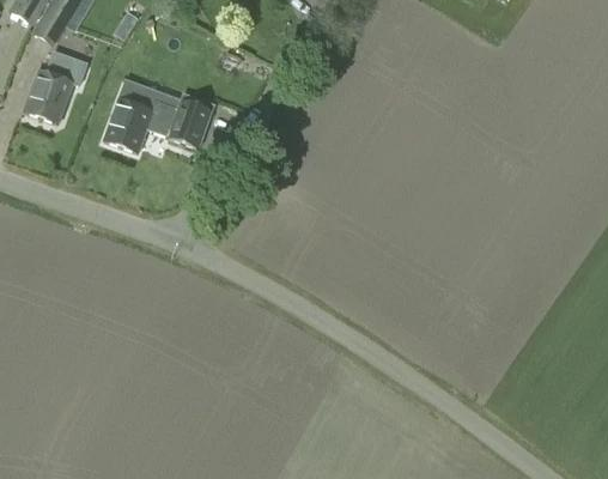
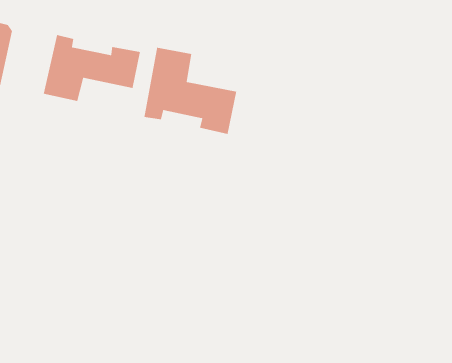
building: none -> [143,47,237,135]

